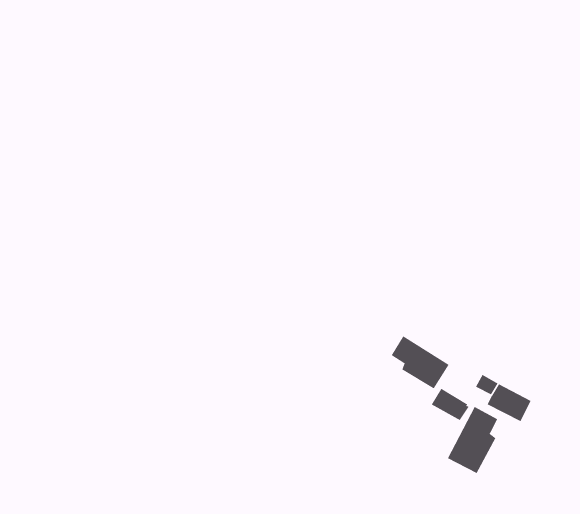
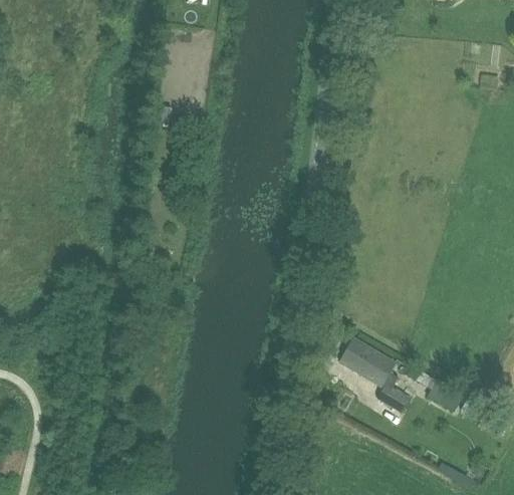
building: [447,406,498,474] -> none

